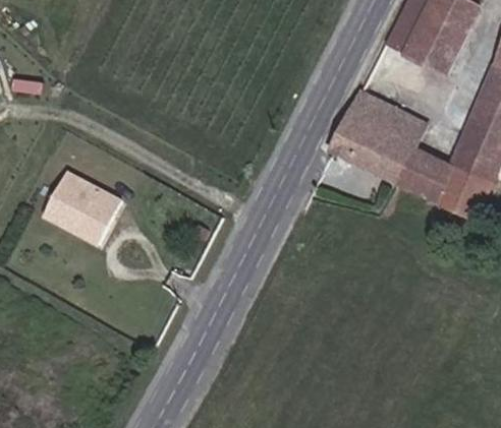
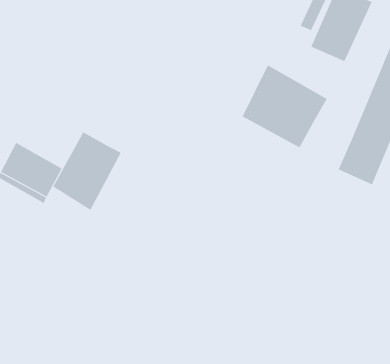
building: [393,144,453,202] -> none
building: none -> [53,132,122,211]

